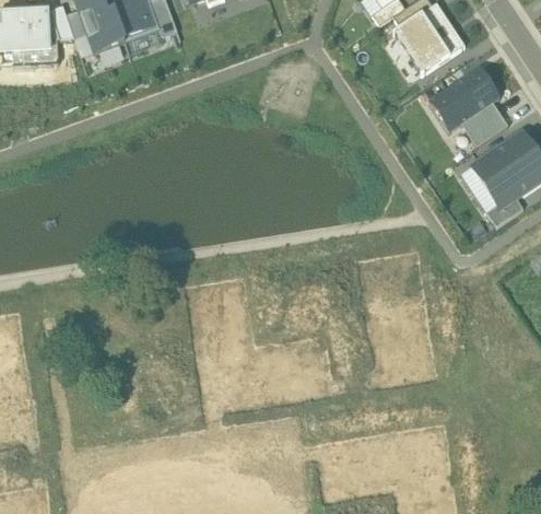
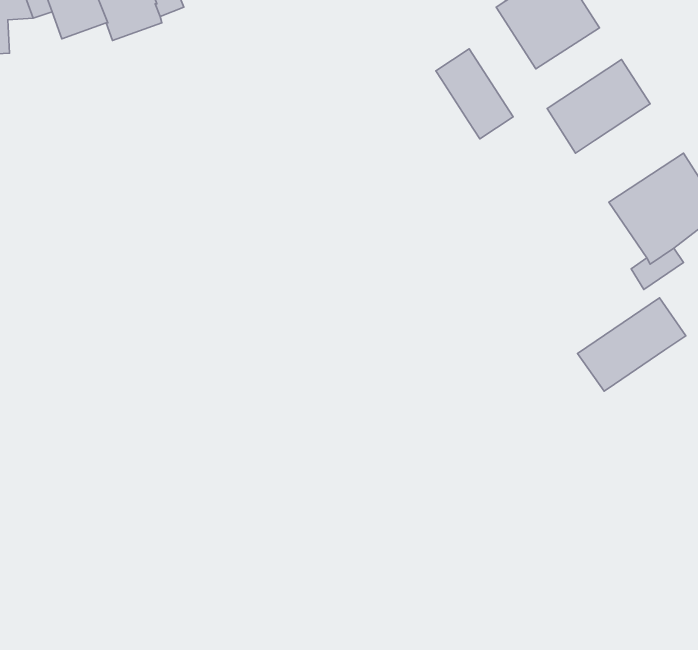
building: none -> [436,49,513,139]
building: [460,100,507,143] -> none
building: none -> [578,298,686,391]

